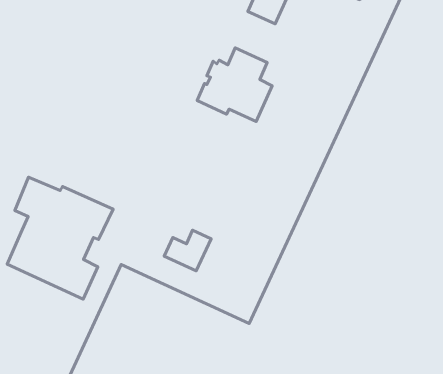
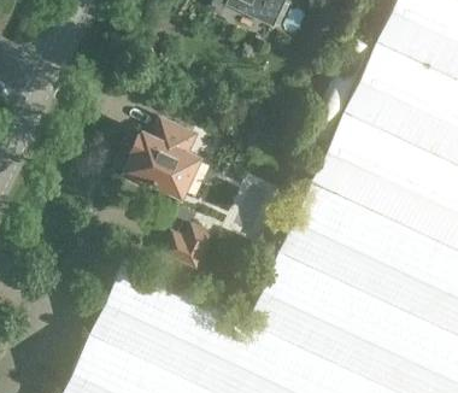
building: [197,48,272,121] -> [124,122,198,194]
building: [7,177,113,299] -> none

